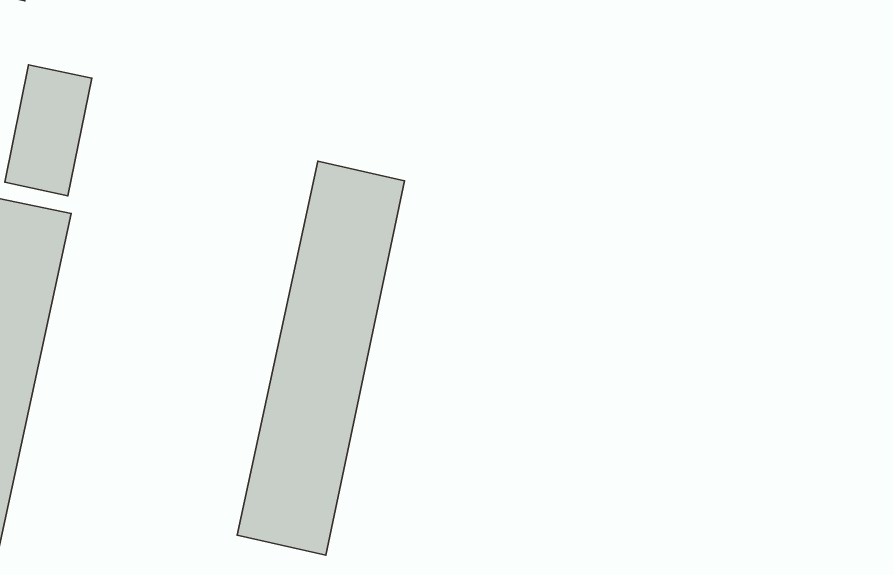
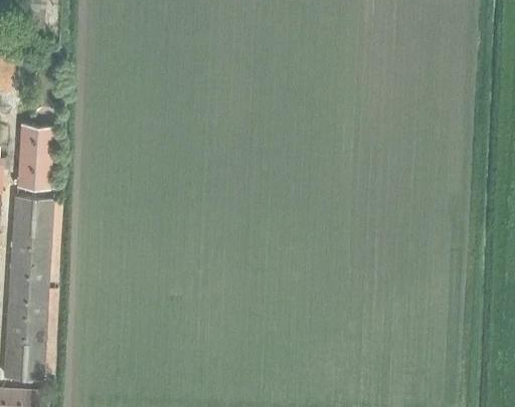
building: [237,161,404,555] -> none

